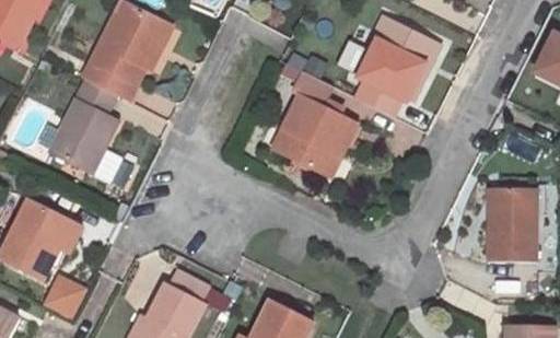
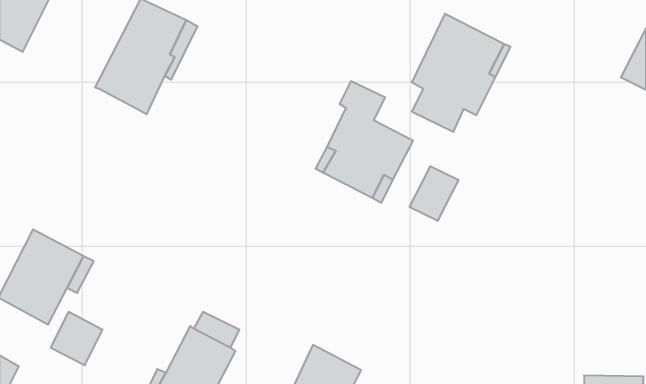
building: [48,79,118,182] -> none
building: none -> [410,166,459,221]
building: [488,188,536,261] -> none

